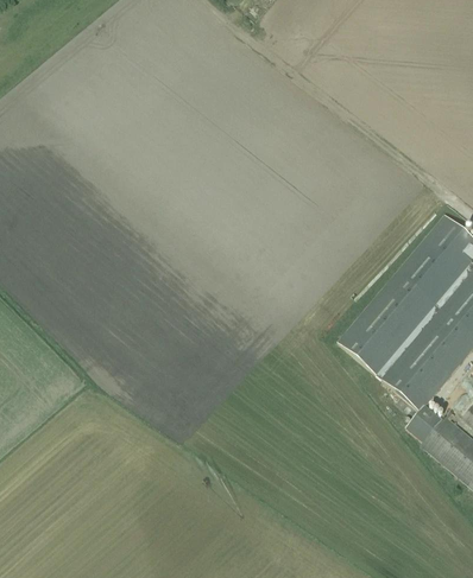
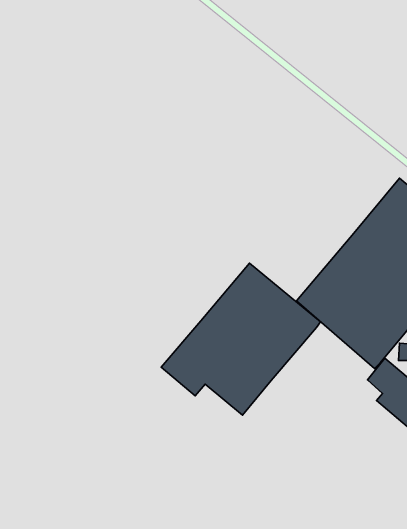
building: none -> [161,263,321,415]

